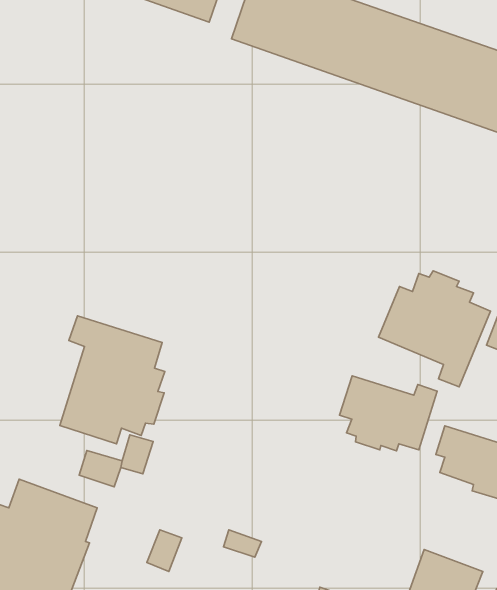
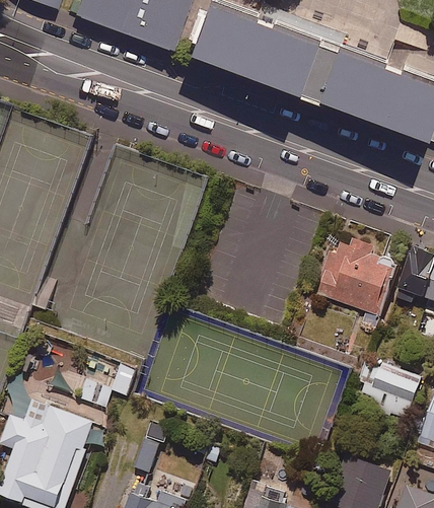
building: [60,316,165,444] -> none
building: [340,376,437,451] -> none

